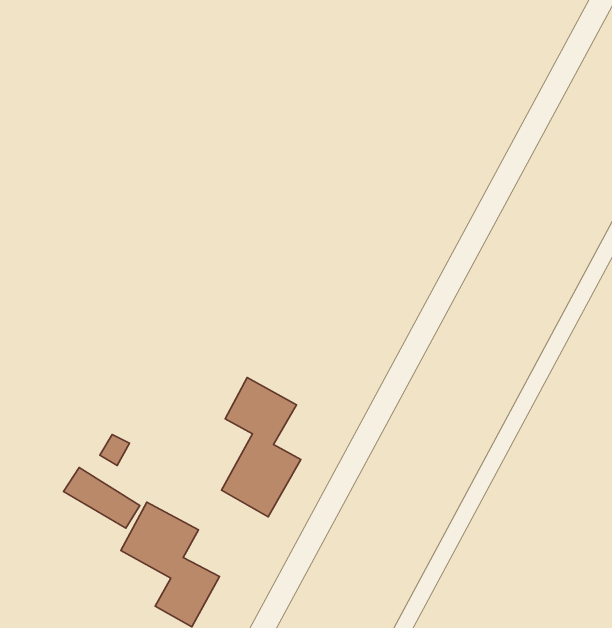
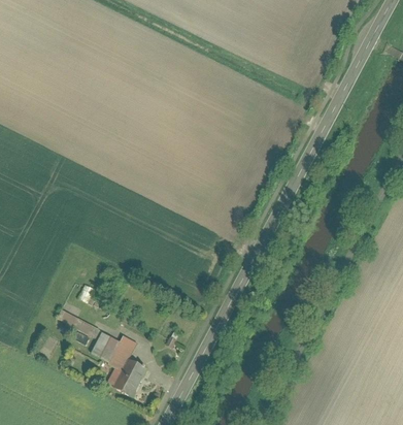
building: [221,378,301,517] -> none

